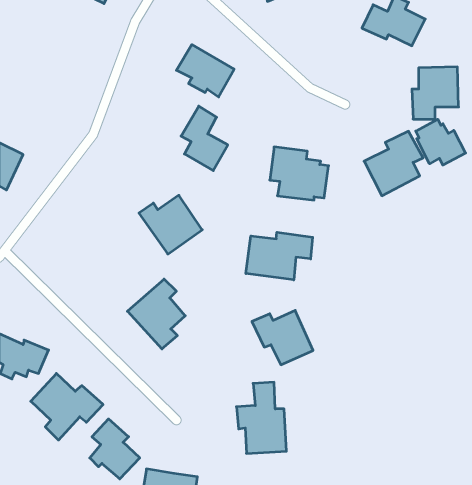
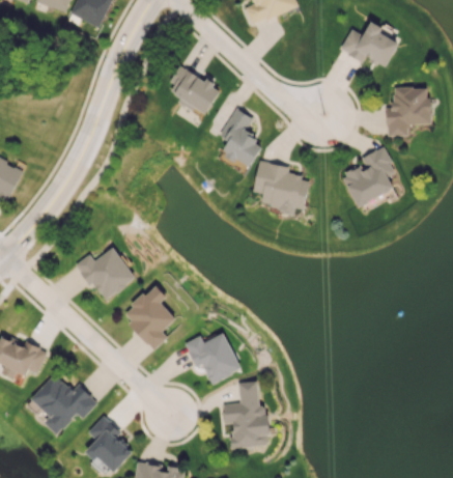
building: [181,106,228,171] -> [220,108,263,168]
building: [416,119,466,165] -> none
building: [139,195,202,254] -> [77,247,136,302]
building: [246,232,313,280] -> none
building: [252,310,313,365] -> [185,333,242,384]

